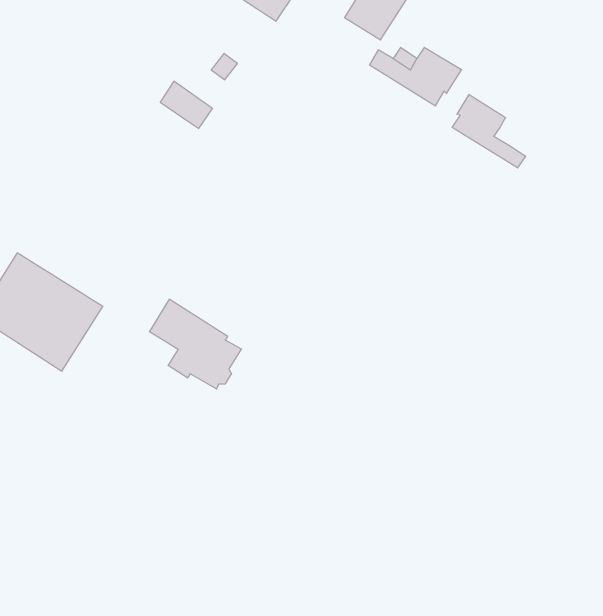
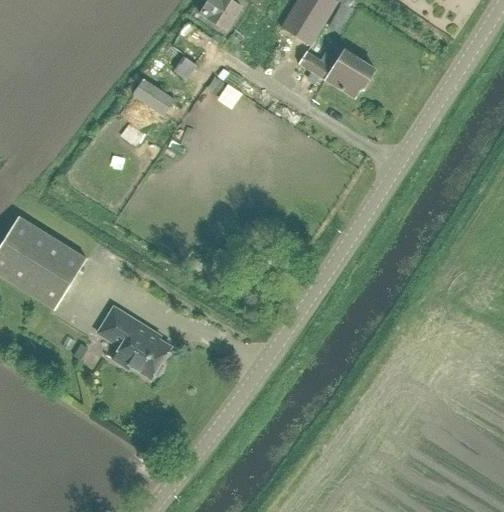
building: [452,94,526,168] -> none
building: [149,299,242,389] -> [97,306,171,378]

